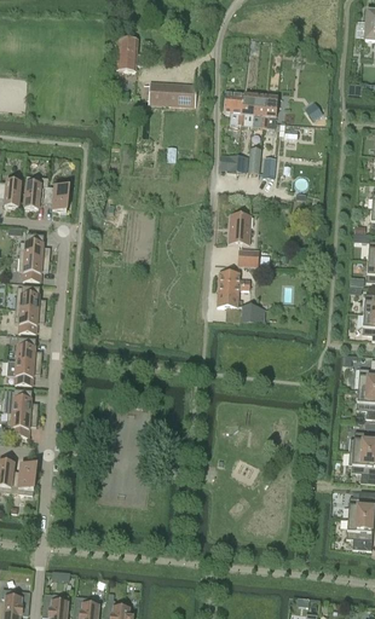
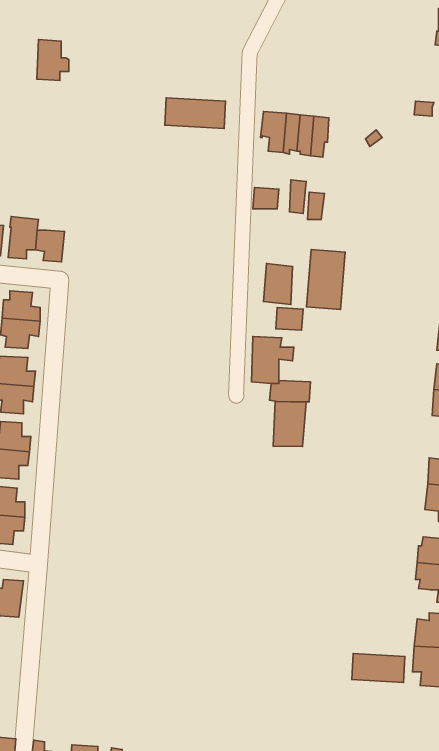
building: [117,37,143,70] -> [37,40,69,81]
building: none -> [307,250,345,310]
building: none -> [273,402,306,447]
building: none -> [352,654,405,682]

